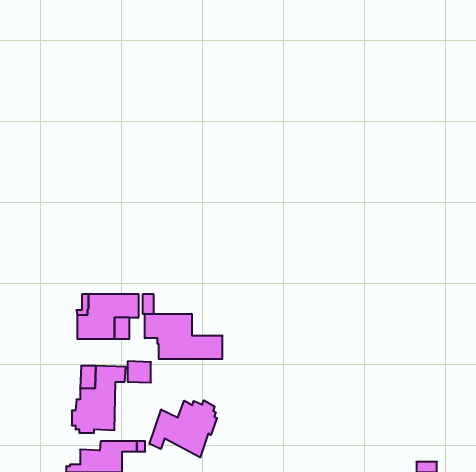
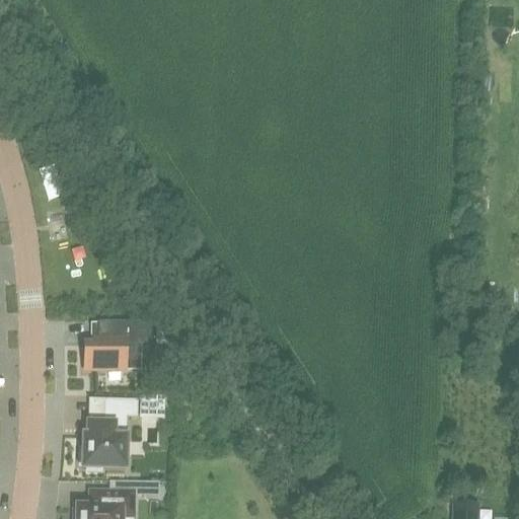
building: [145,314,222,359] -> none
building: [149,400,217,457] -> none

